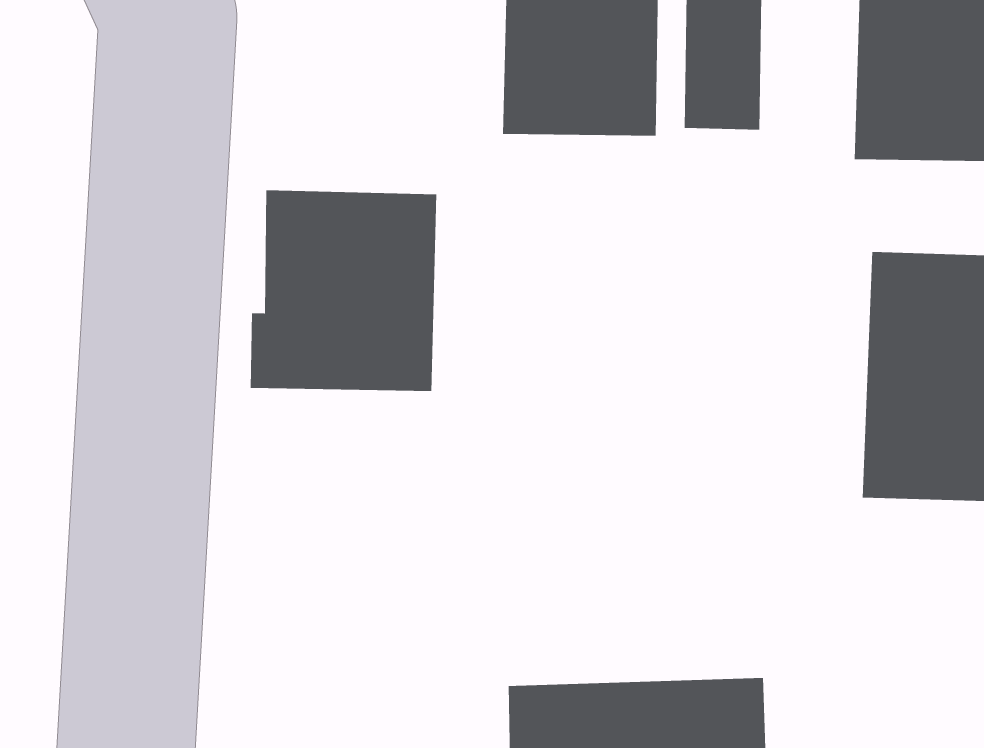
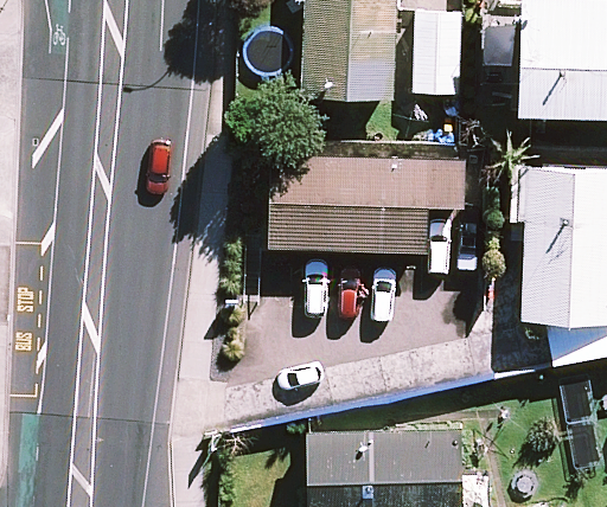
building: [250,189,437,392] -> none
building: none -> [271,155,466,255]

